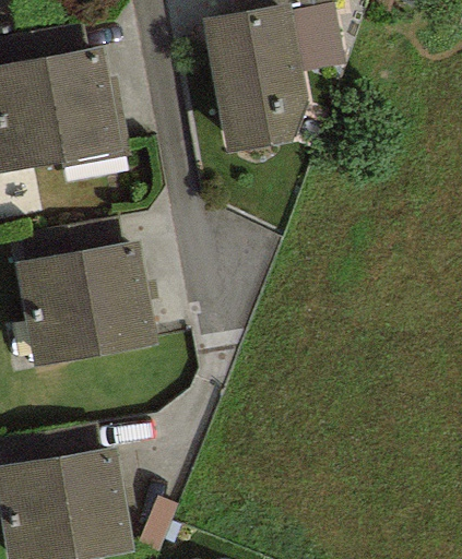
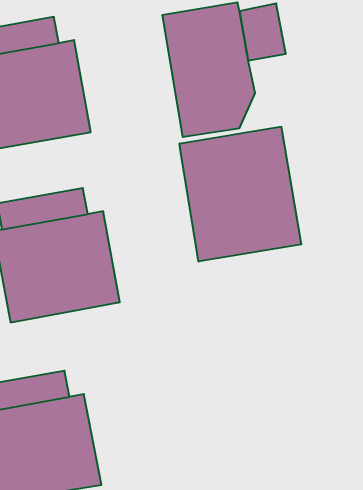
building: none -> [180,127,301,262]

